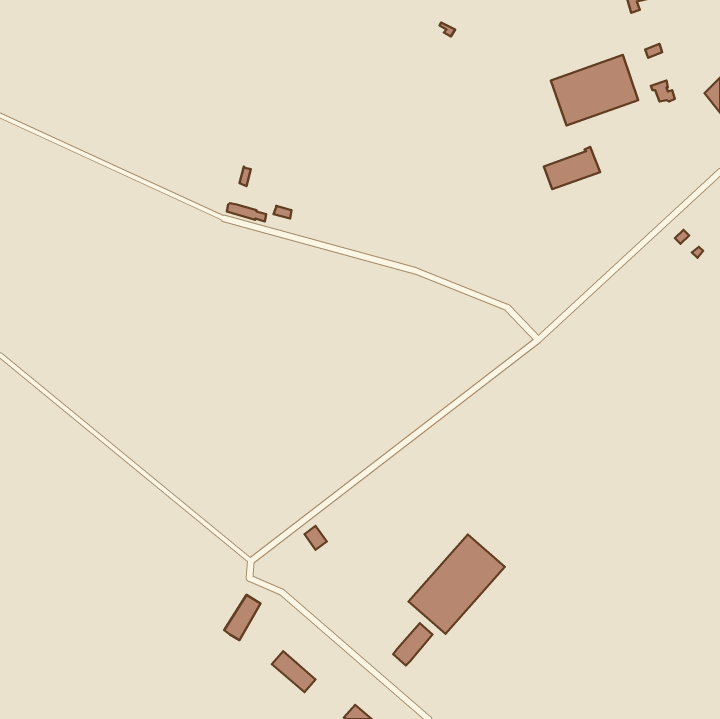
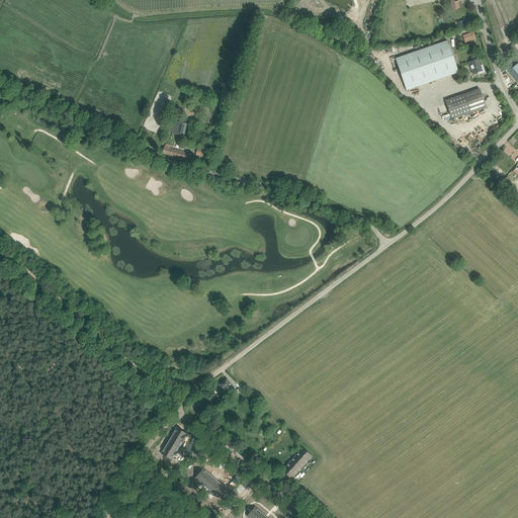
building: [544,147,600,189] -> [446,88,487,118]
building: [409,535,505,634] -> none

